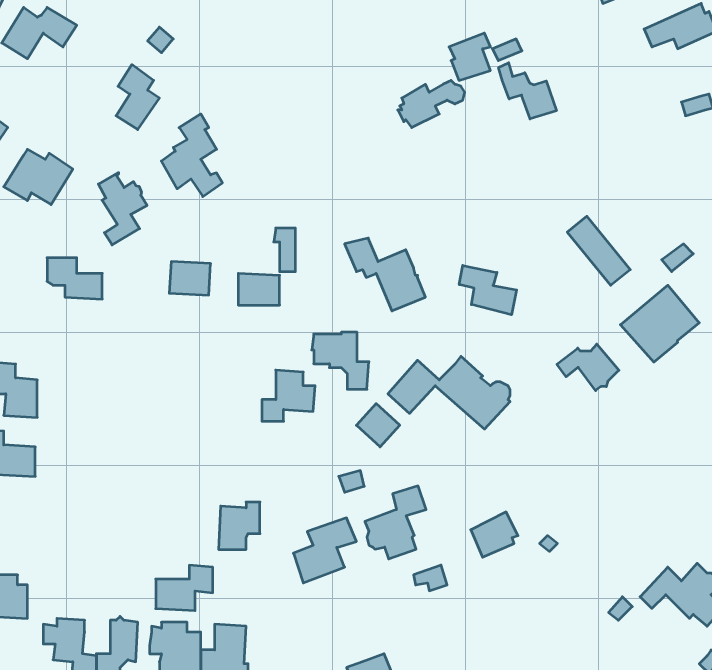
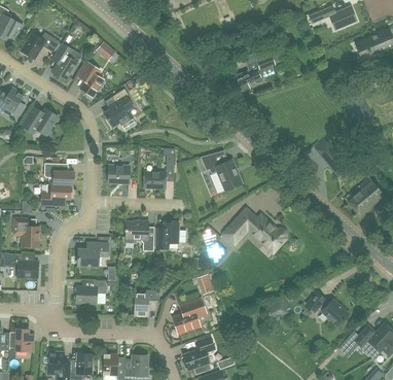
building: none -> [52,42,82,79]
building: [499,63,556,119] -> none
building: [98,173,147,245] -> none
building: [459,265,517,315] -> none
building: none -> [41,183,73,205]
building: [312,332,369,389] -> [124,220,154,250]
building: [557,344,619,391] -> none
building: none -> [77,242,108,266]
building: [365,486,426,559] -> [183,336,215,374]
building: none -> [306,291,349,325]
building: [156,565,213,611] -> [76,279,106,303]

